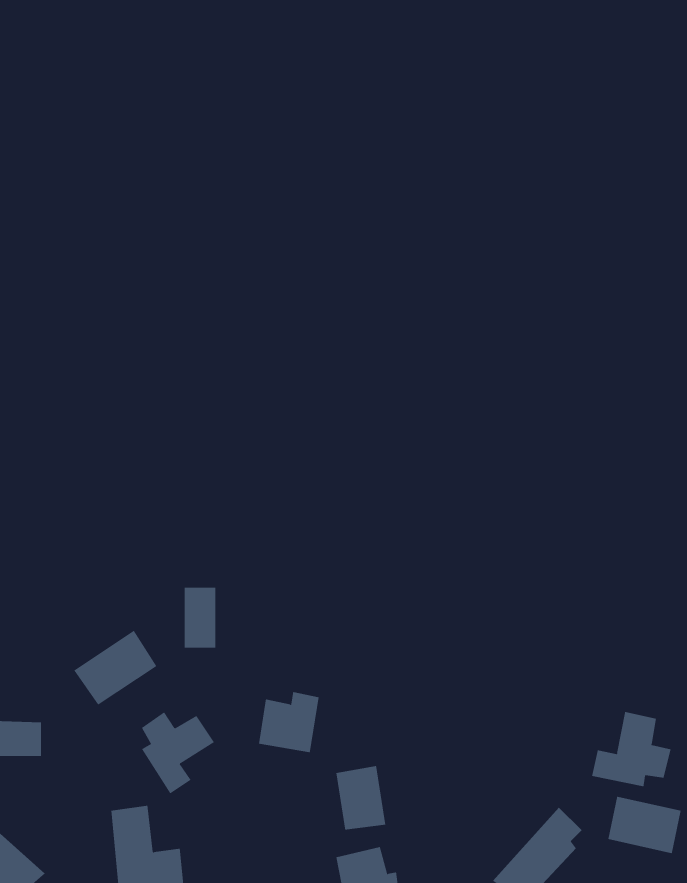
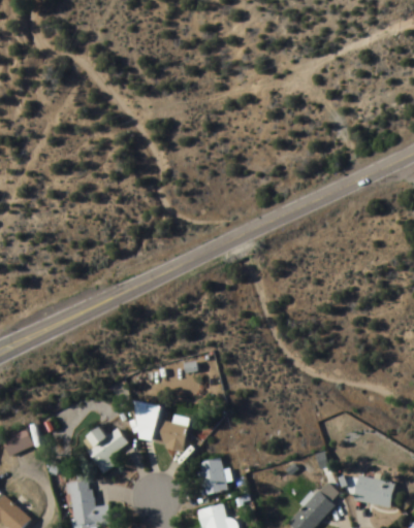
building: [184,587,216,648] -> [136,404,155,439]
building: [73,630,157,705] -> none
building: [592,711,671,787] -> none

